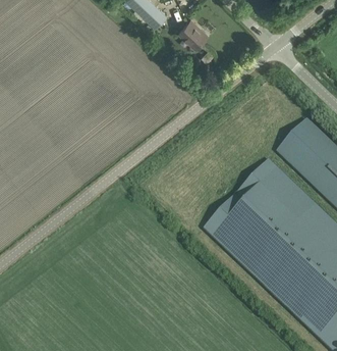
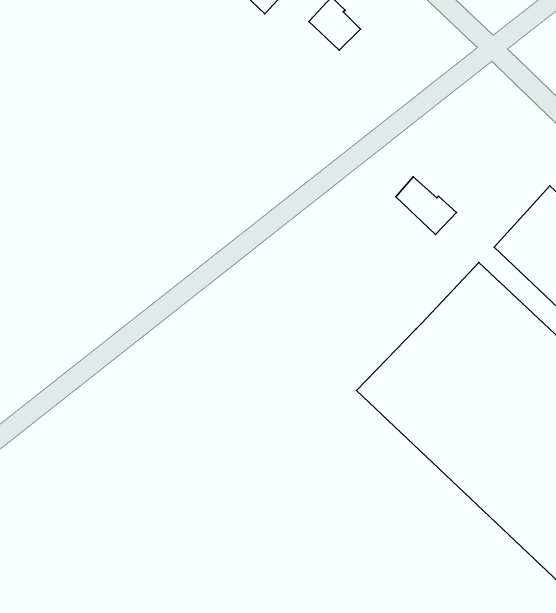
building: none -> [396,177,457,234]

